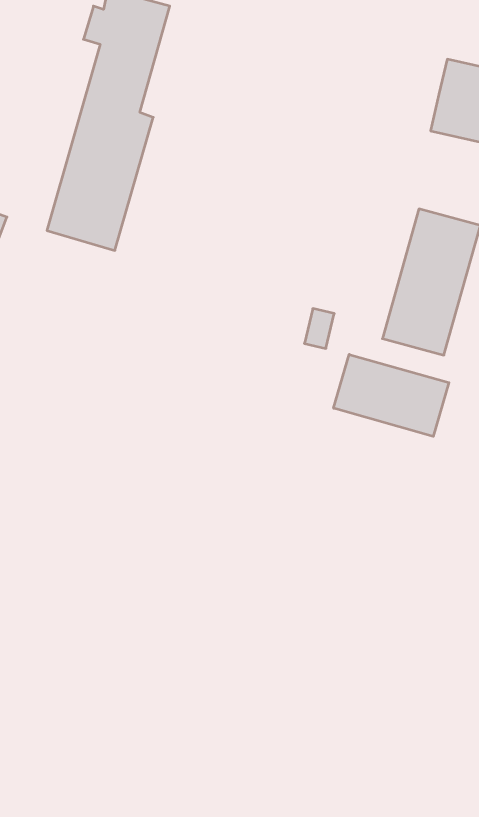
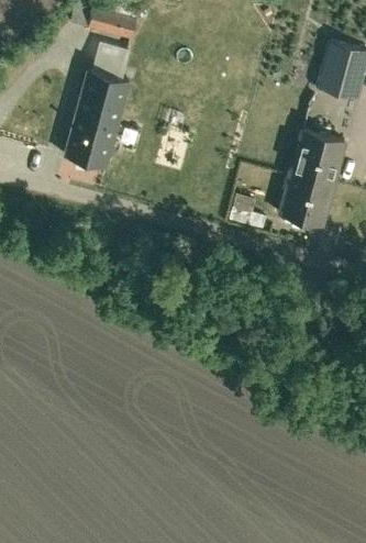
building: [334,354,449,436] -> none

